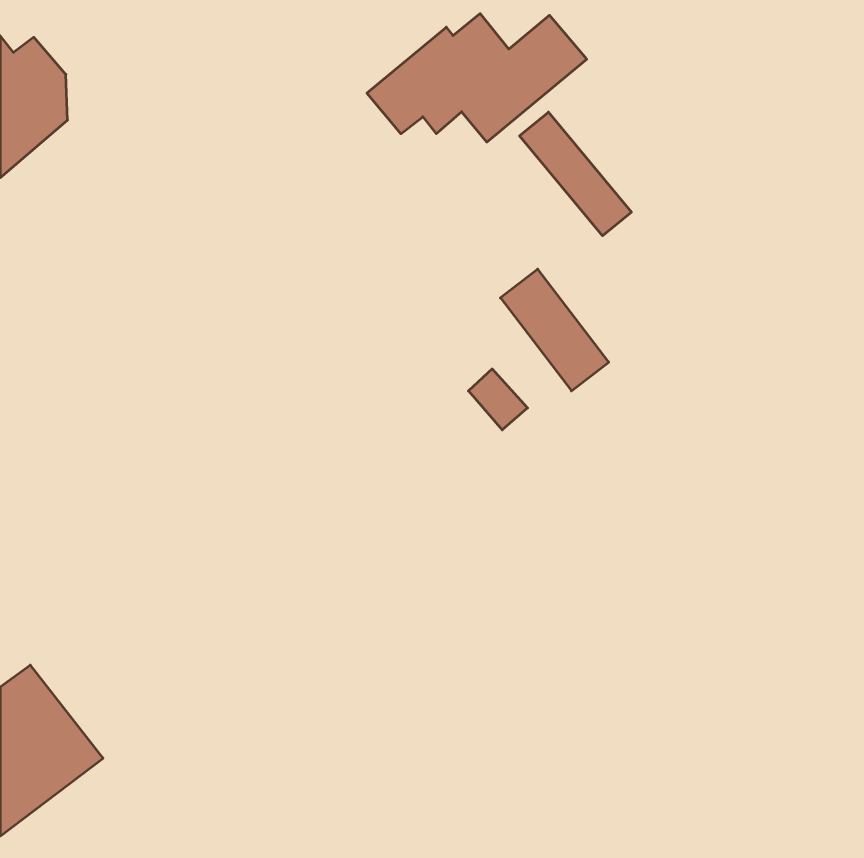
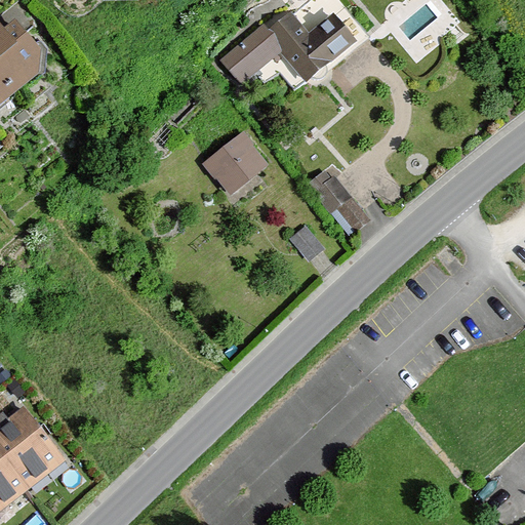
building: [520,112,631,236] -> none
building: none -> [199,129,268,197]

